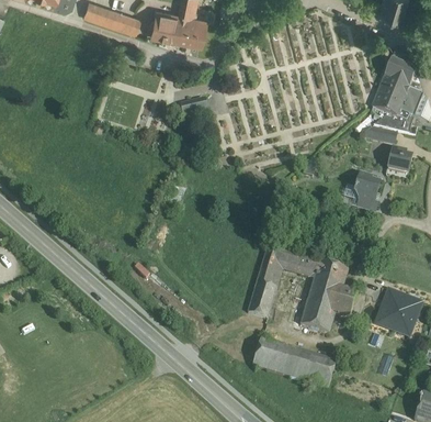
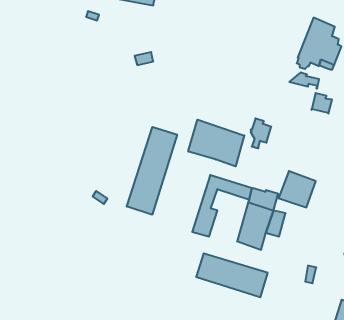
building: [355,173,379,208] -> [251,118,271,148]
building: none -> [188,120,244,166]
building: none -> [127,127,177,215]
building: [376,292,420,335] -> [279,171,316,207]

